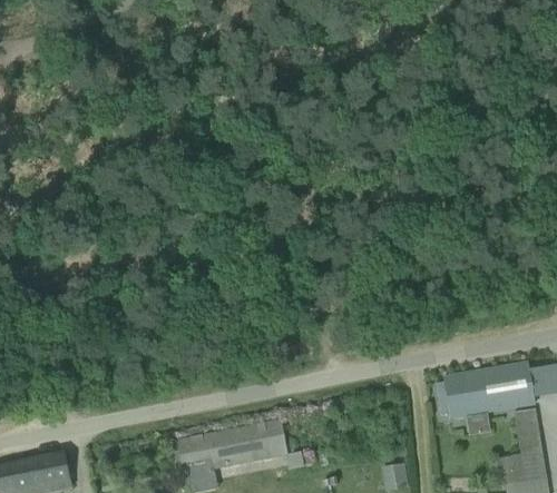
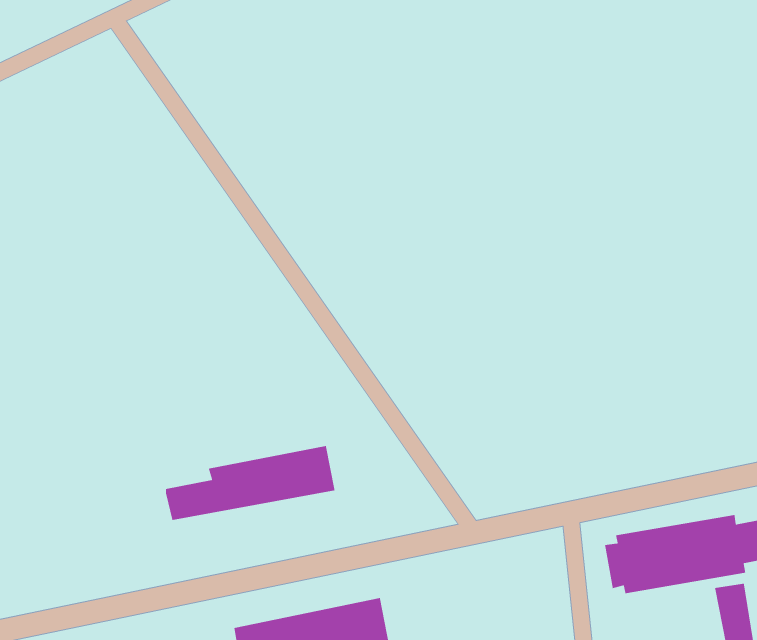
building: none -> [165,445,335,521]

